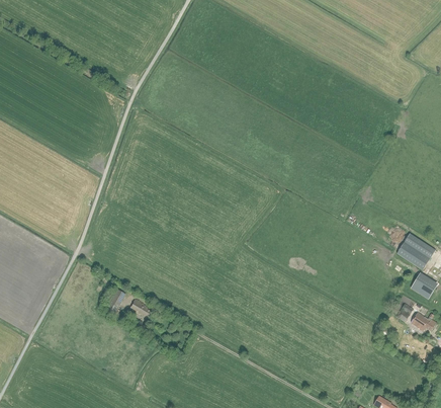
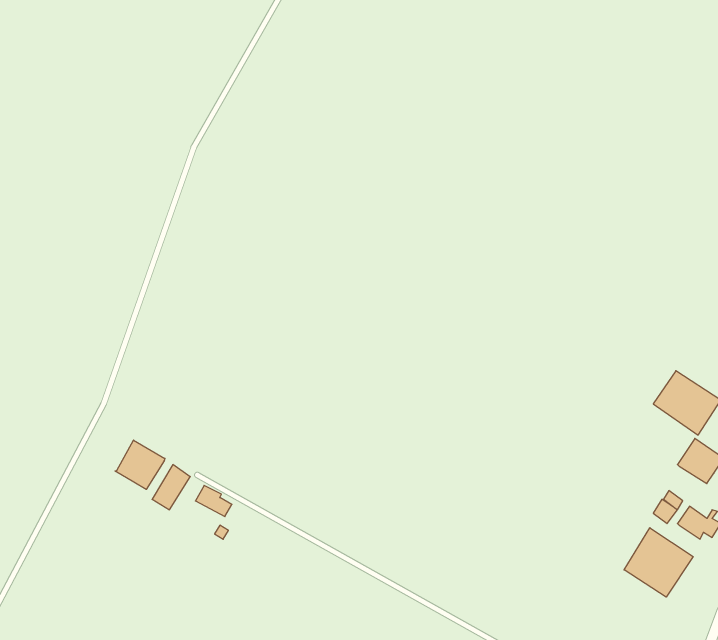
building: none -> [115,440,165,489]
building: none -> [624,528,693,597]

